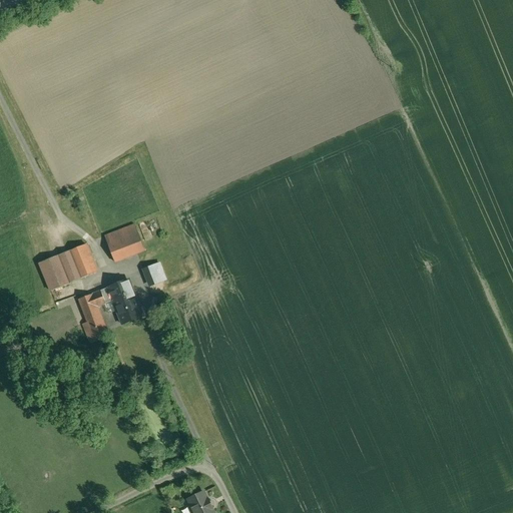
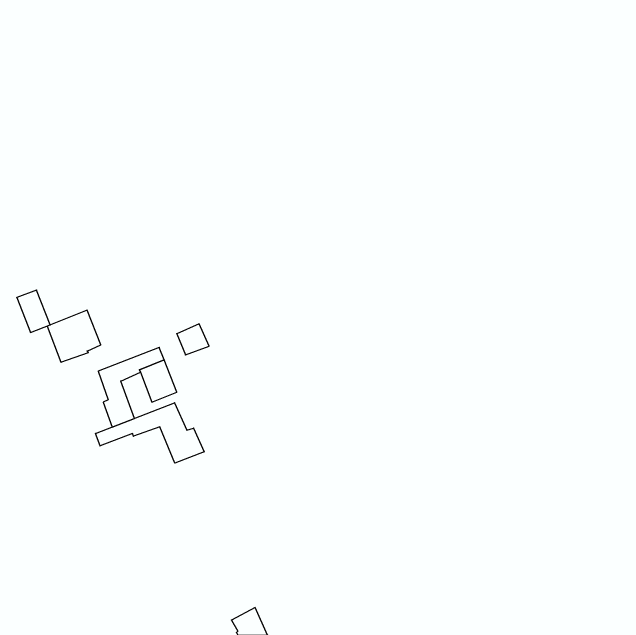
building: [104,223,145,262] -> none
building: [70,243,97,278] -> [17,290,50,332]
building: none -> [96,403,204,463]

